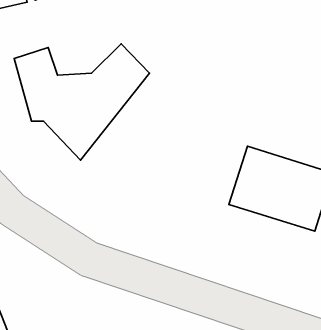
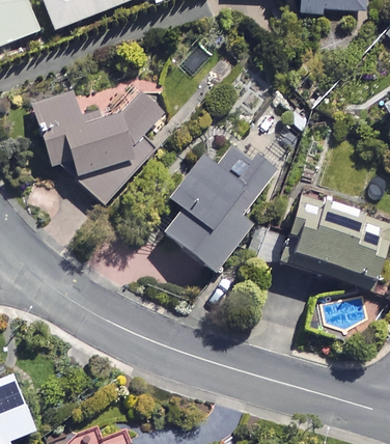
building: none -> [161,137,276,274]

